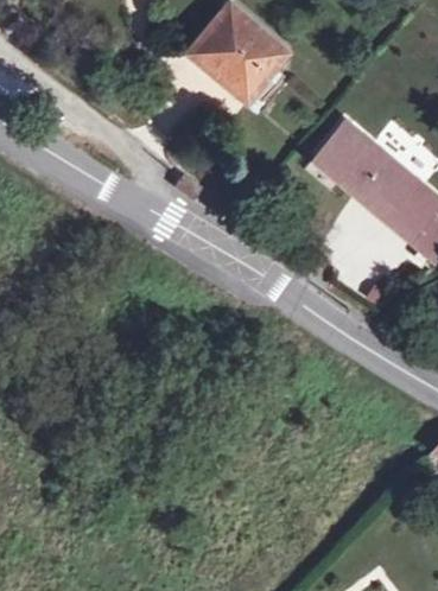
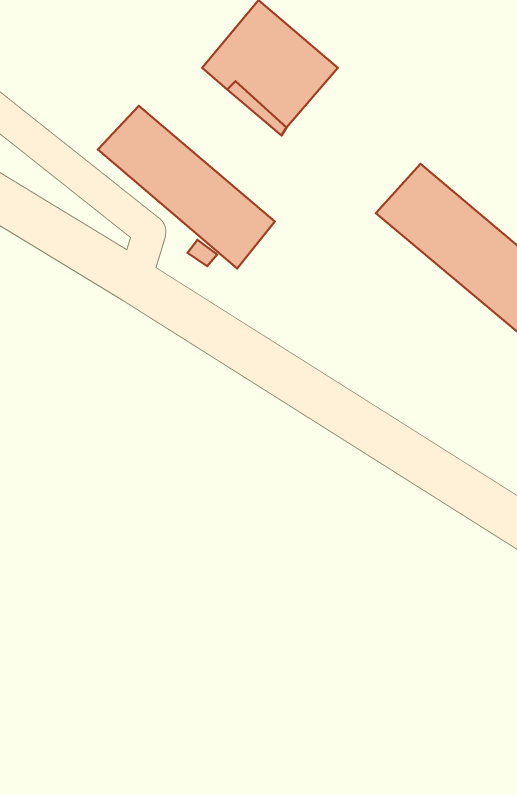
building: none -> [98,106,275,269]

